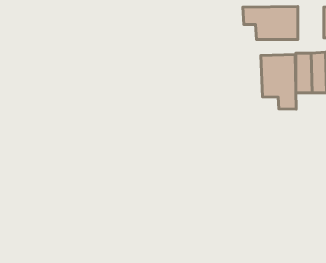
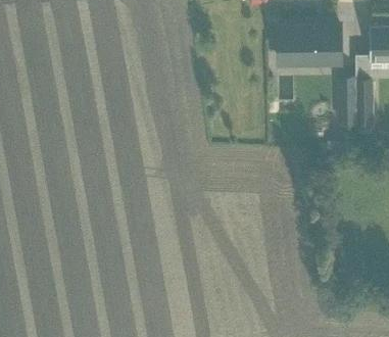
building: [261,54,296,109] -> none

